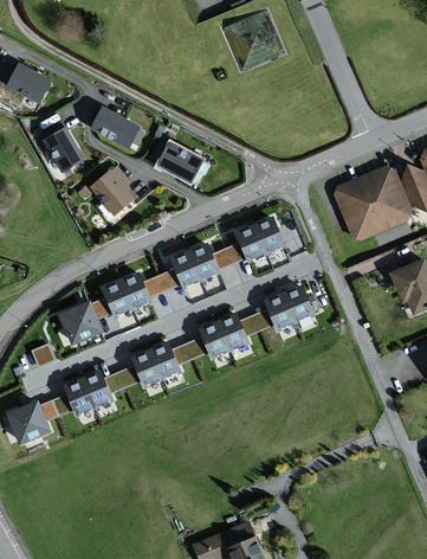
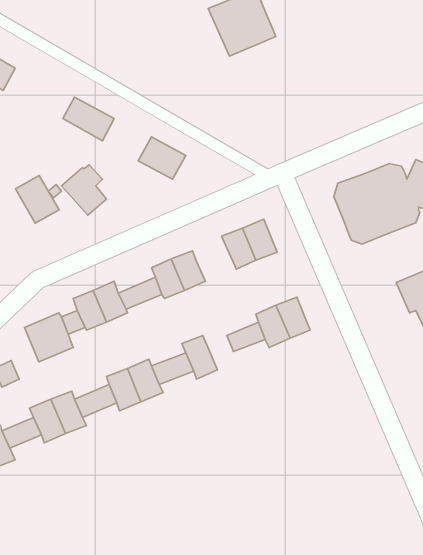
building: [44,128,83,171] -> [15,176,59,223]
building: [212,243,246,270] -> none
building: [218,314,248,352] -> none

